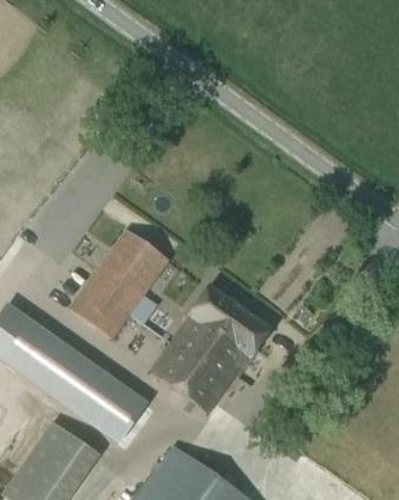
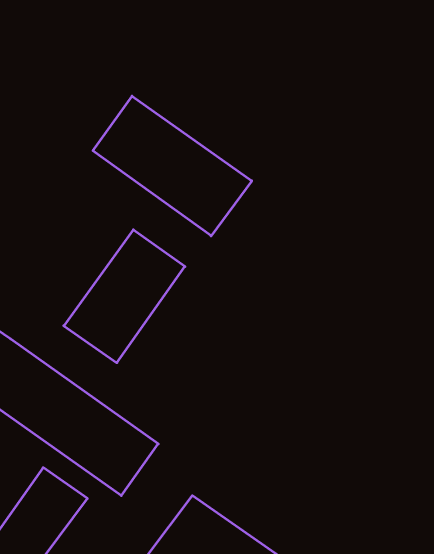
building: none -> [93,96,252,236]
building: [152,283,272,410] -> none

